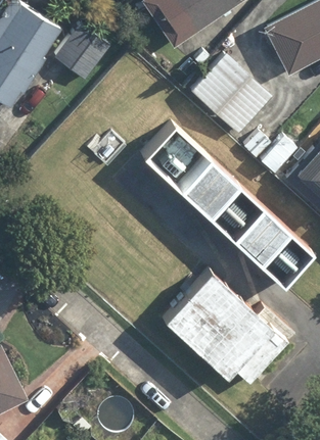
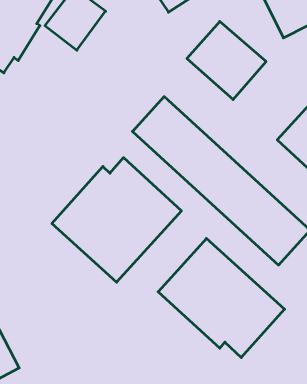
building: none -> [52,158,181,282]

